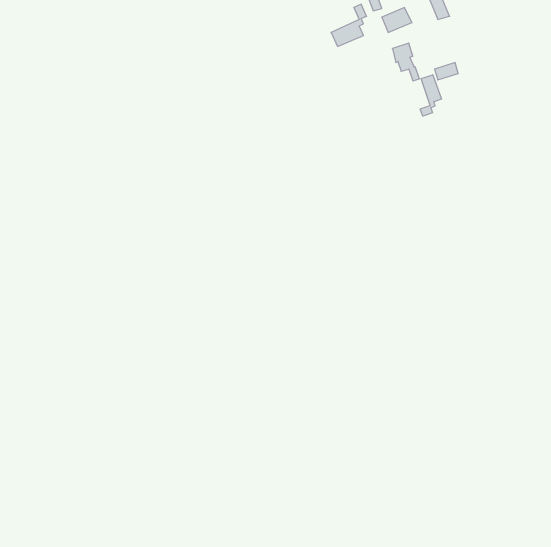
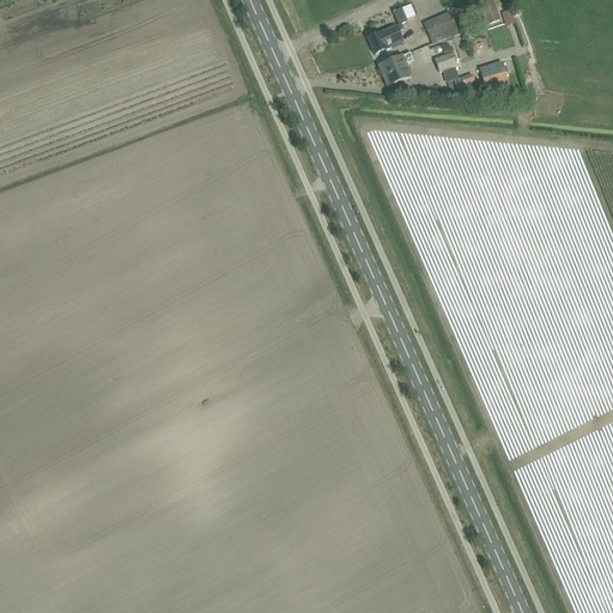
building: none -> [380,49,414,83]
building: [420,75,442,116] -> none

